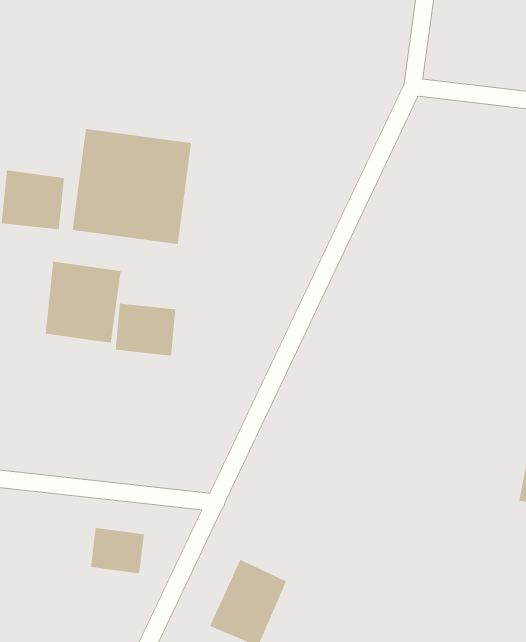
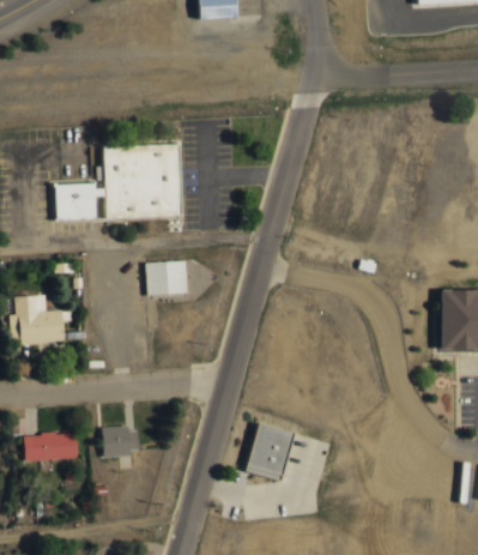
building: [45,261,121,343] -> none
building: [90,527,145,574] -> [111,428,147,457]

